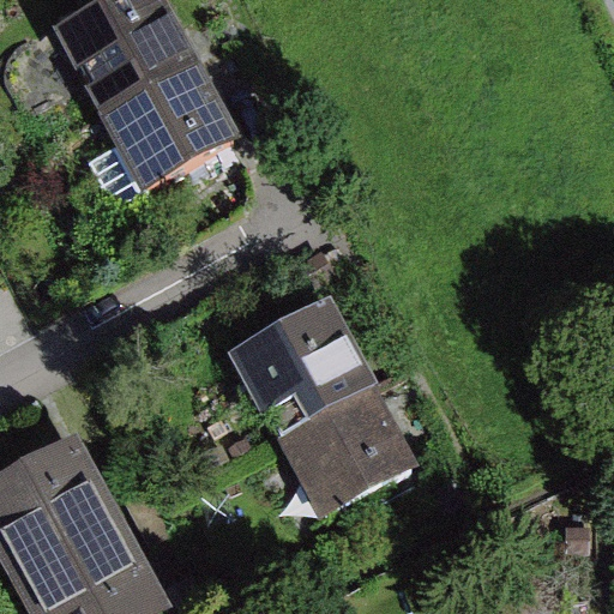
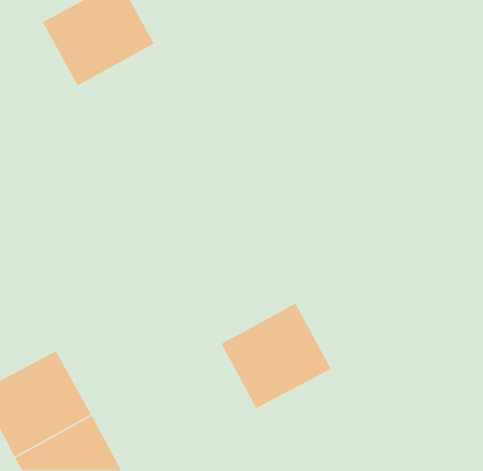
building: [97,55,240,189] -> none
building: [227,299,373,433] -> none

